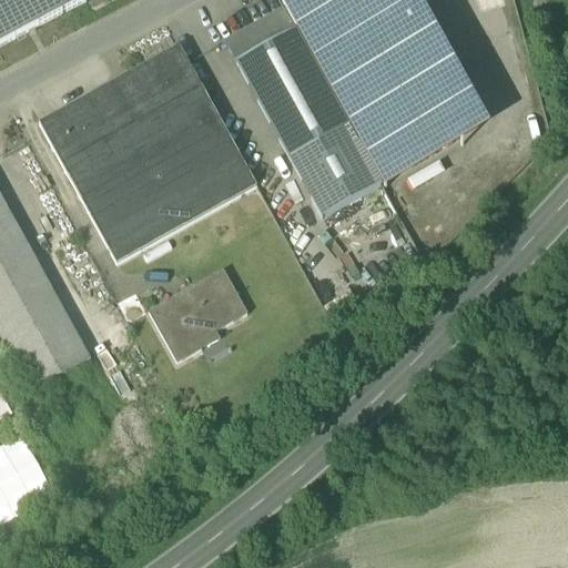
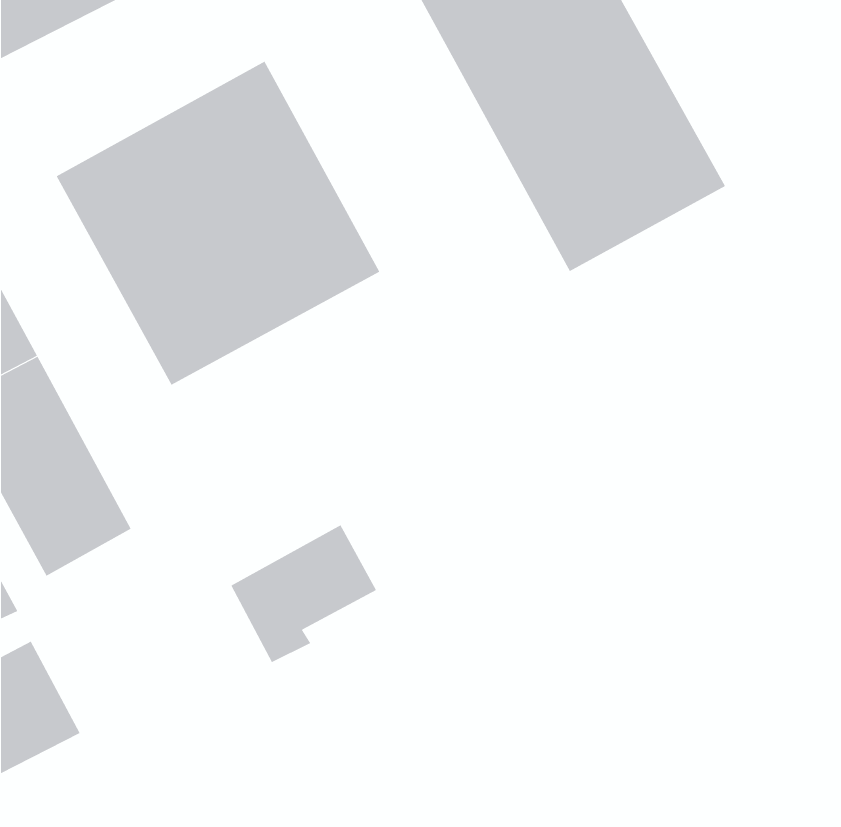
building: [225,6,381,214] -> none
building: [149,267,247,361] -> [230,524,377,663]

